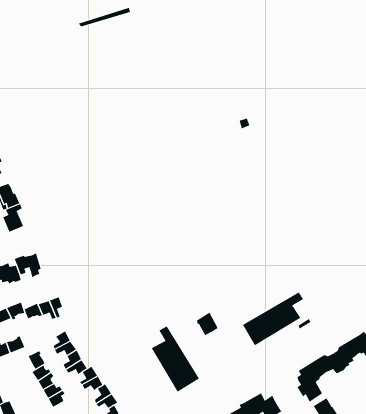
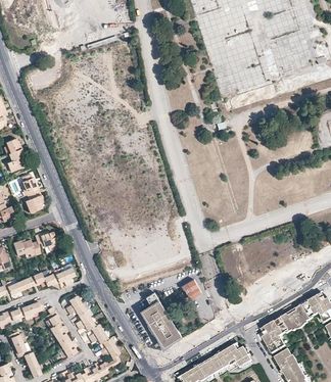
building: [242,292,304,346] -> none

